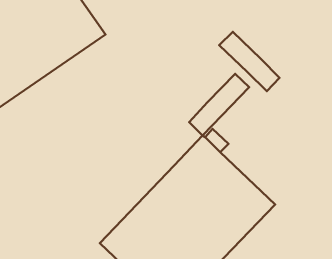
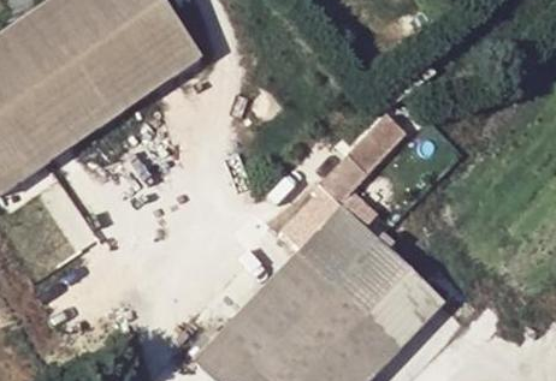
building: [219,32,280,91] -> none
building: none -> [280,179,343,244]

